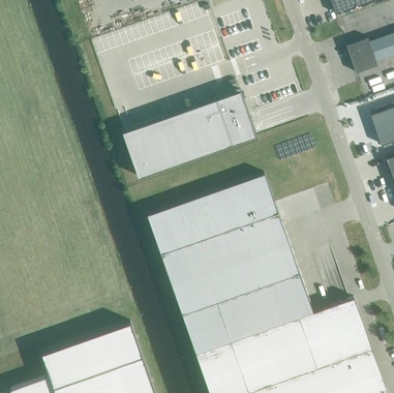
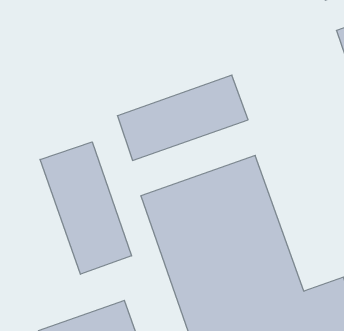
building: none -> [40,142,132,274]

